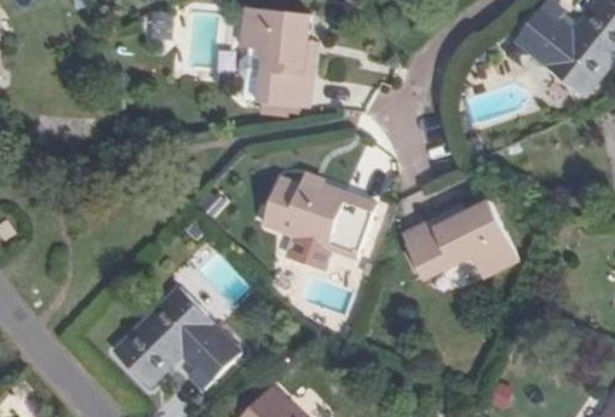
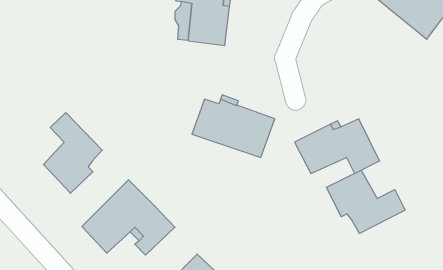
building: none -> [43,113,102,193]
building: none -> [327,170,405,233]

